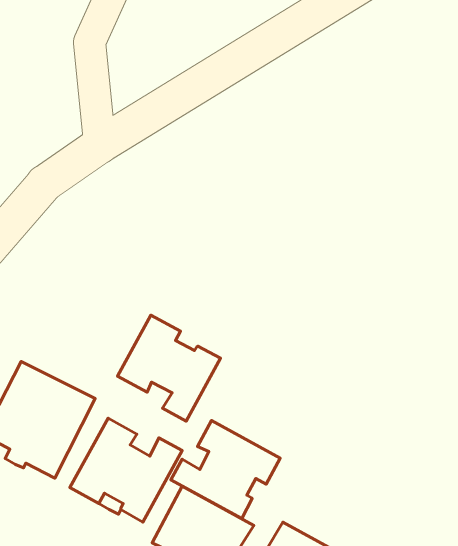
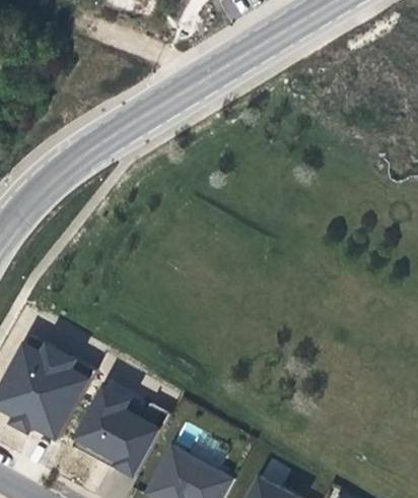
building: [117,315,221,421] -> none
building: [171,421,280,519] -> none

